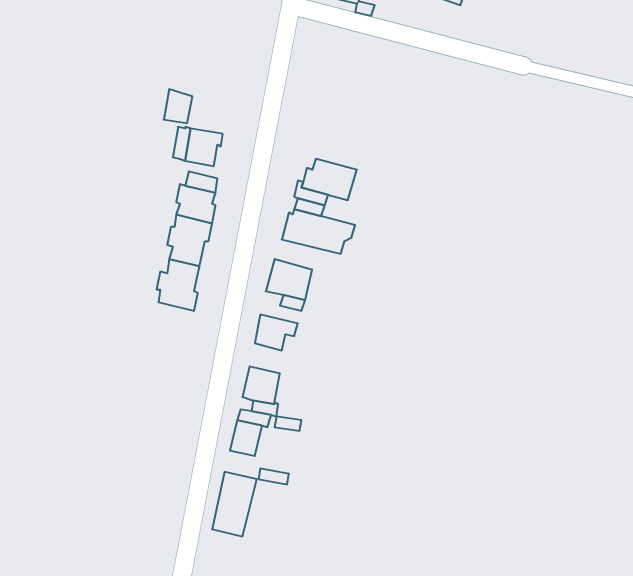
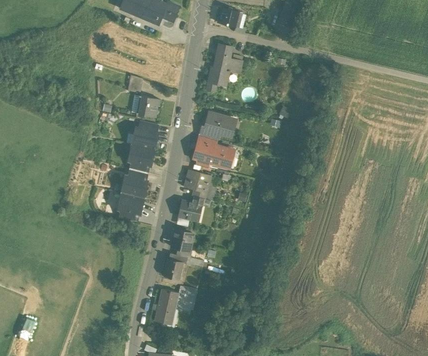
building: none -> [207,44,242,89]
building: none -> [118,193,144,222]

